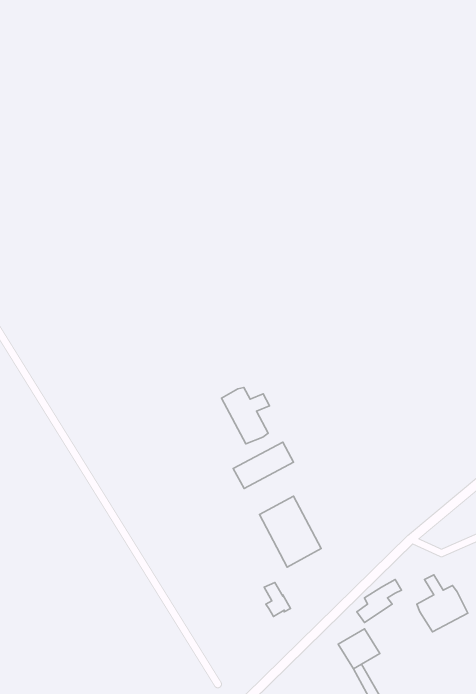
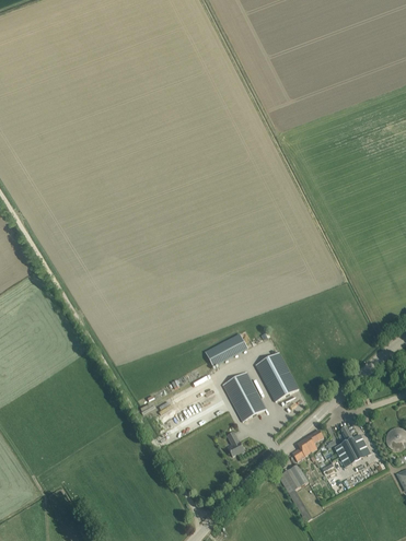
building: [221,388,270,444] -> none
building: none -> [255,352,298,401]

